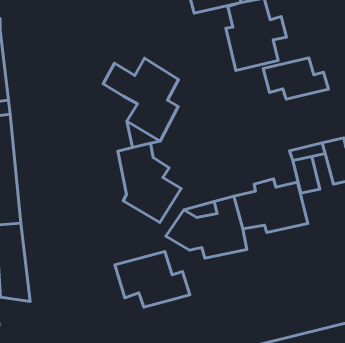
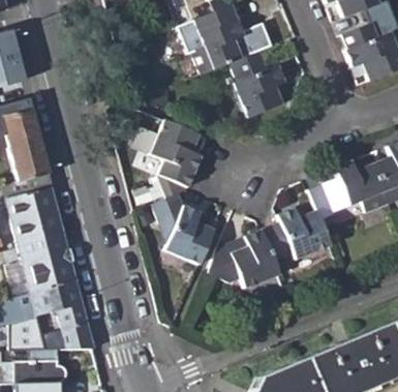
building: [263,58,328,99] -> none
building: [115,251,190,307] -> none

